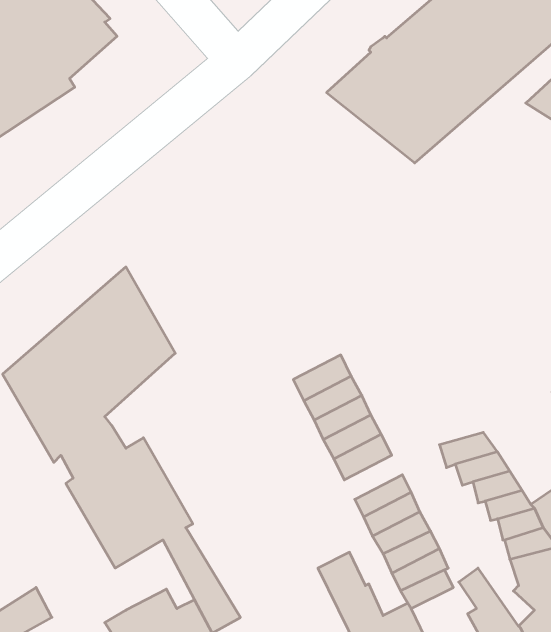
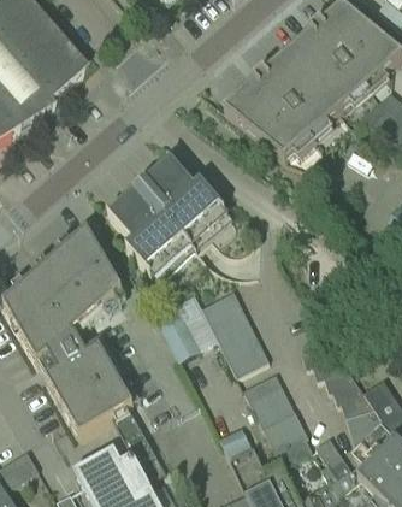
building: none -> [112,161,232,282]
building: none -> [156,308,200,360]

